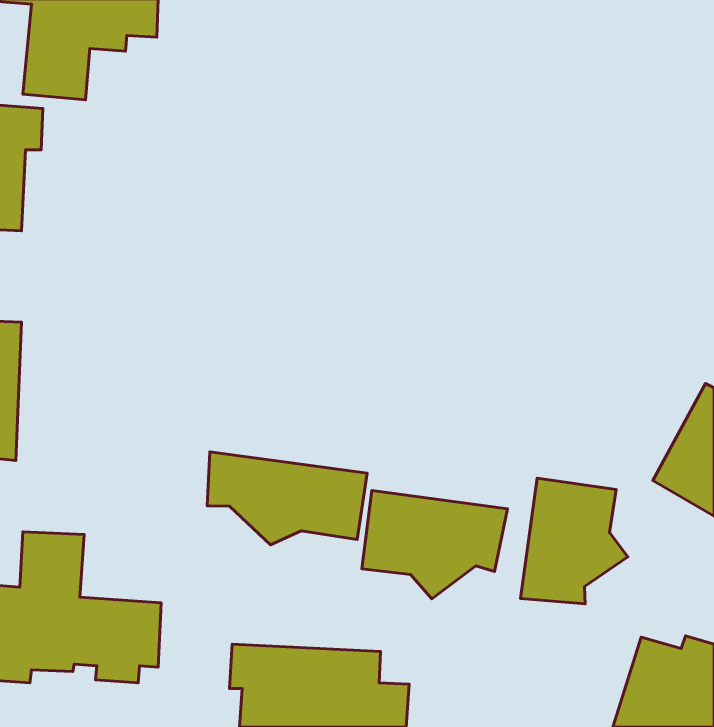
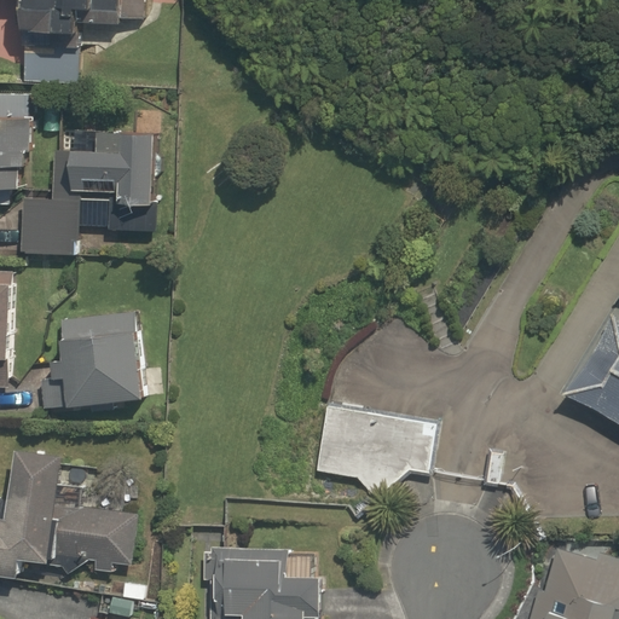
building: none -> [21,121,167,255]
building: none -> [34,305,151,413]
building: [207,452,367,545] -> none
building: [521,478,628,604] -> none

